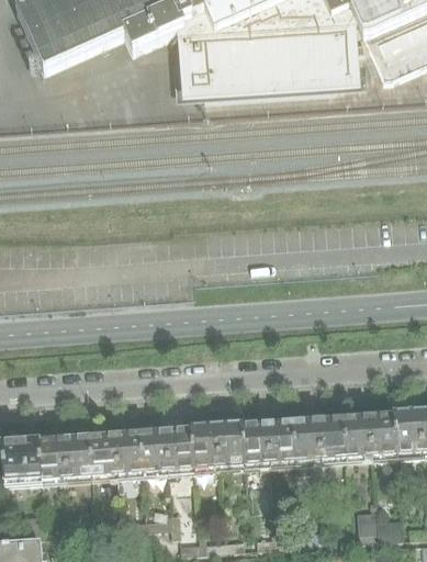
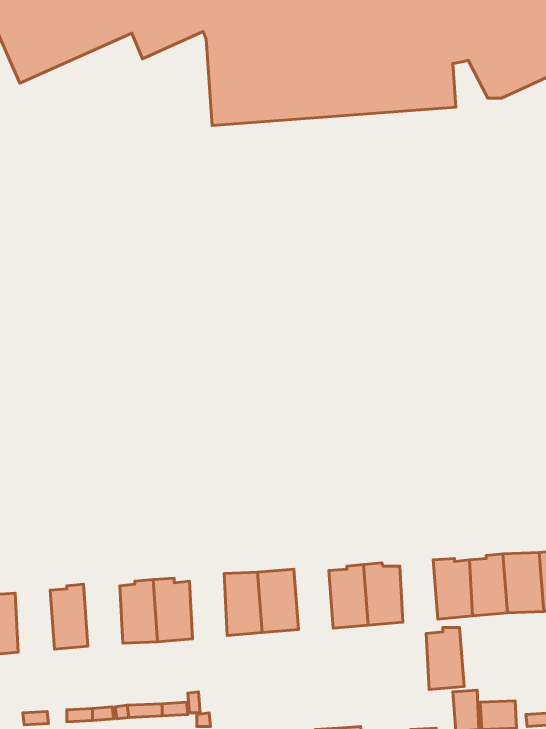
building: [321,415,348,460] -> [426,627,464,689]
building: [244,420,272,465] -> none
building: [168,425,195,472] -> none
building: [91,431,120,477] -> none
building: [42,436,70,482] -> none

